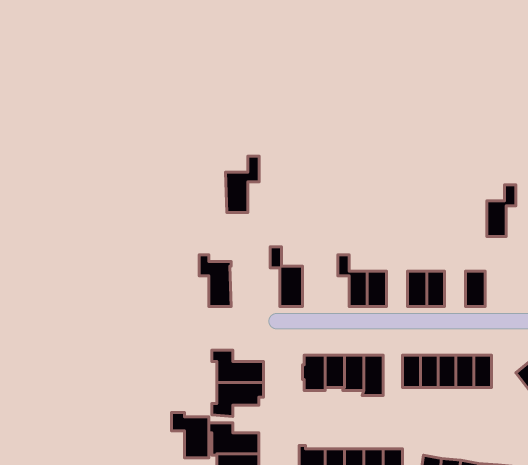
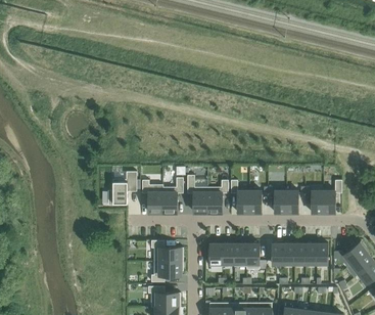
building: [225,156,259,213] -> [161,177,183,213]
building: [487,185,516,236] -> [323,180,341,213]
building: none -> [107,171,139,205]
building: none -> [207,180,228,213]
building: [172,413,209,458] -> none

